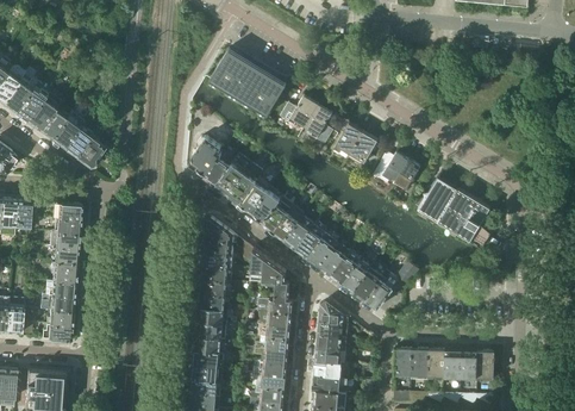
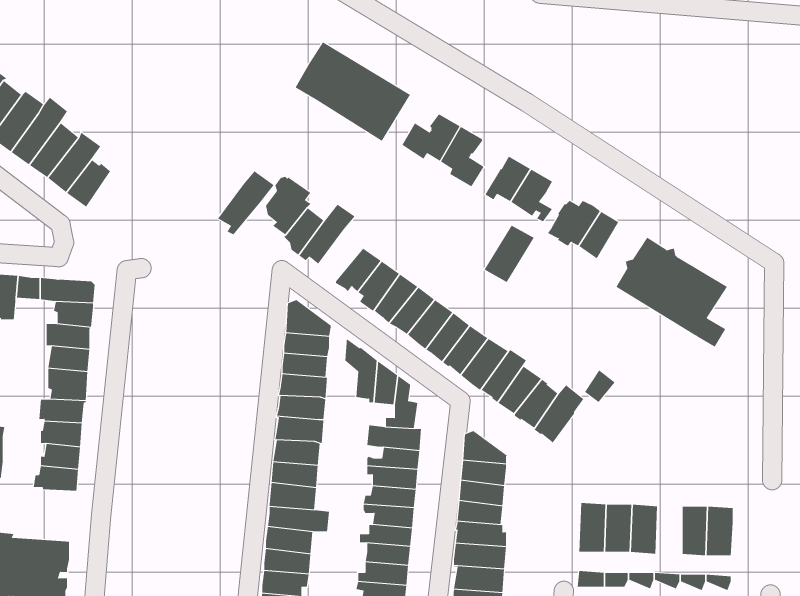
building: [75,135,110,168] -> none
building: [225,163,262,205] -> [217,171,274,235]
building: none -> [484,225,535,283]
building: [443,350,460,381] -> none

